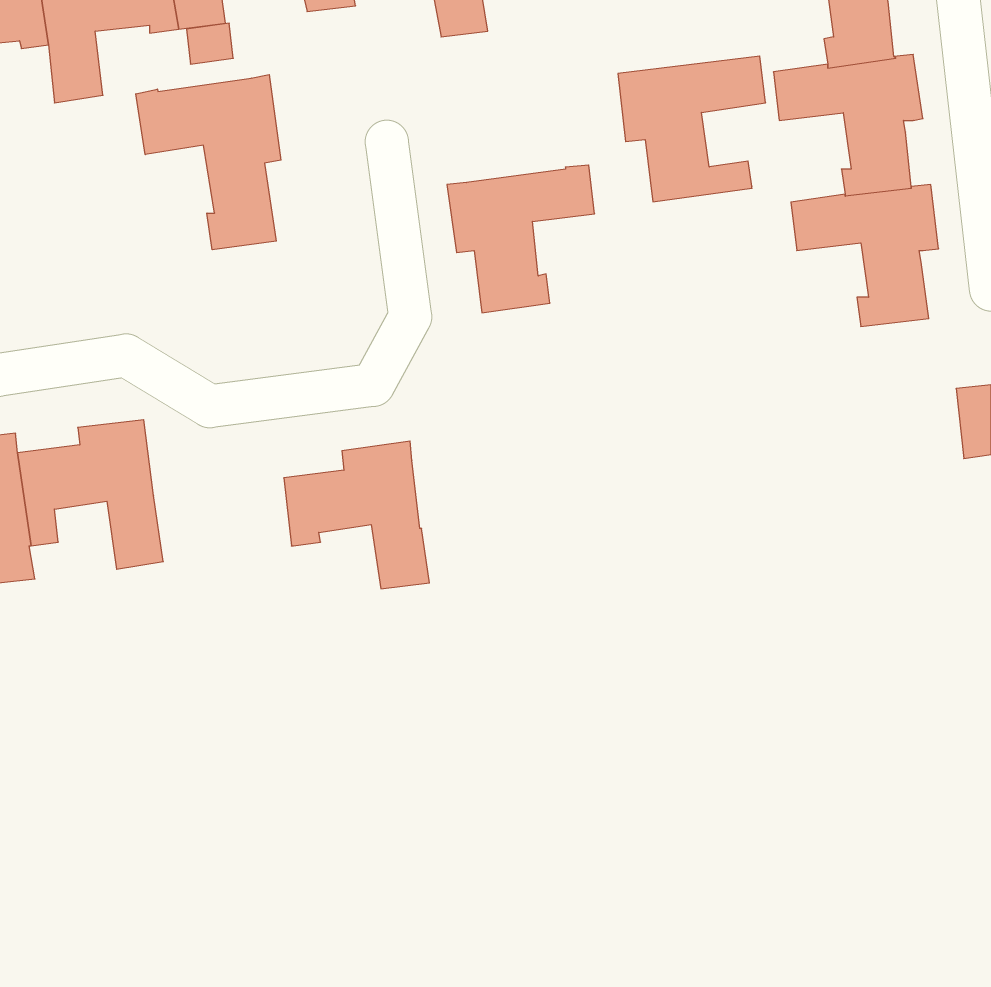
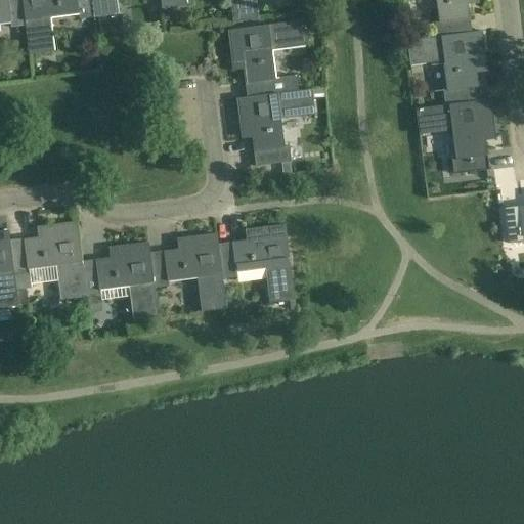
building: [618,56,766,202] -> [227,19,305,96]
building: [136,75,281,250] -> none
building: none -> [217,224,294,302]
building: none -> [81,242,158,319]

